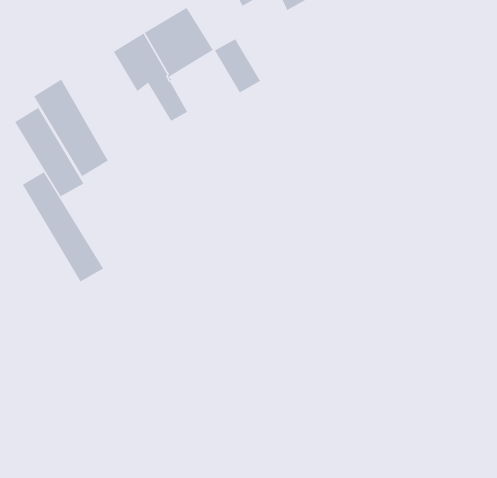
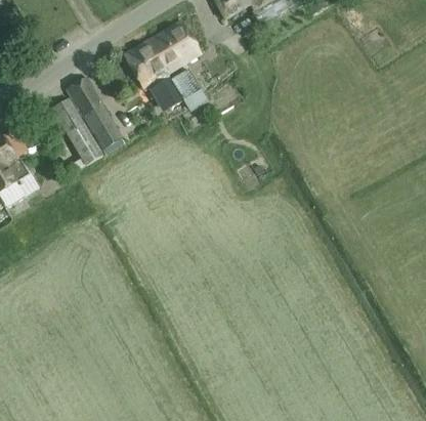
building: [214,38,261,93] -> [172,68,208,110]
building: [22,171,104,282] -> none

